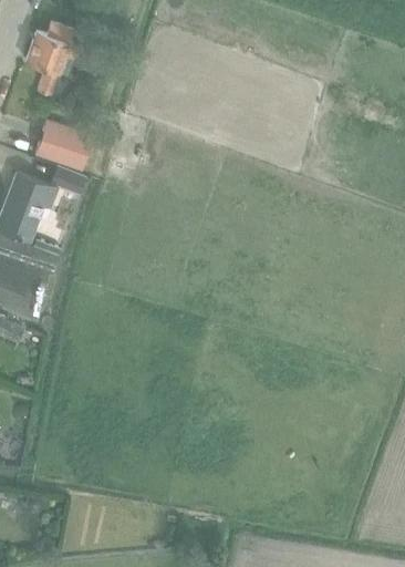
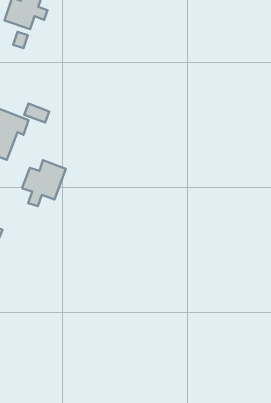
building: [34,123,92,171] -> none
building: none -> [23,160,66,206]

